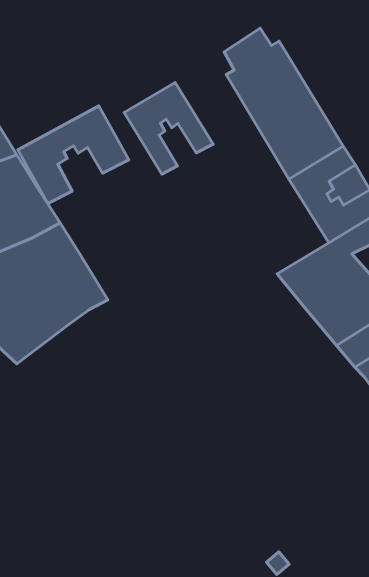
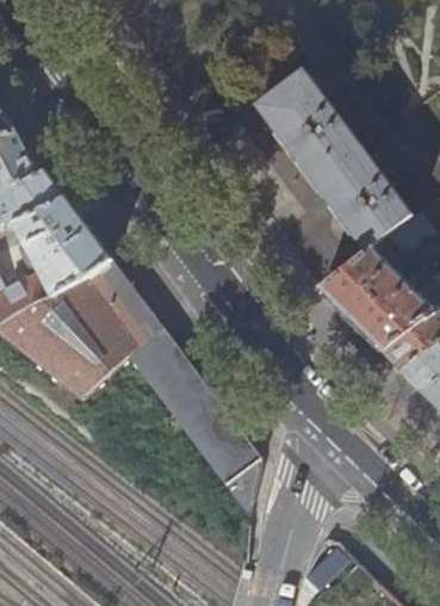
building: [124,82,213,174] -> none
building: [18,106,129,204] -> none
building: none -> [126,326,259,515]

